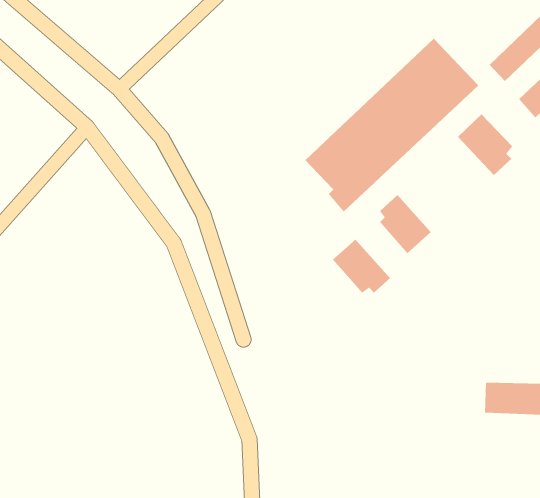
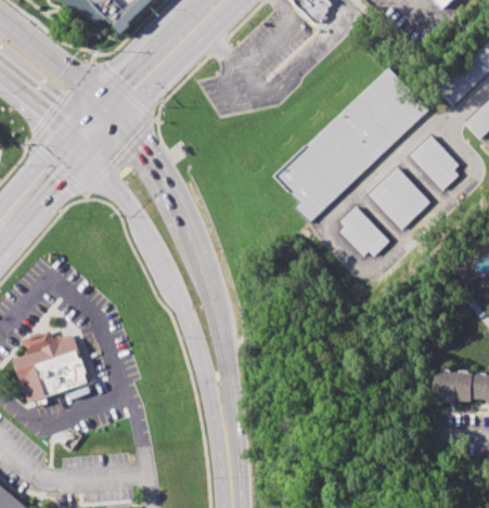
building: none -> [369,167,432,230]
building: [332,239,391,294] -> none
building: none -> [11,336,86,403]

